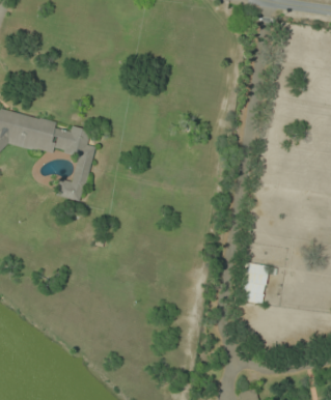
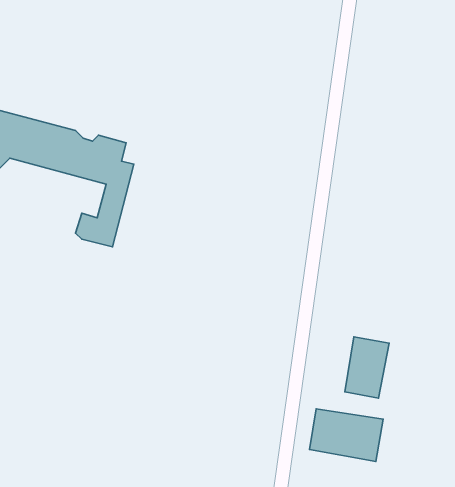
building: none -> [309,409,383,461]

